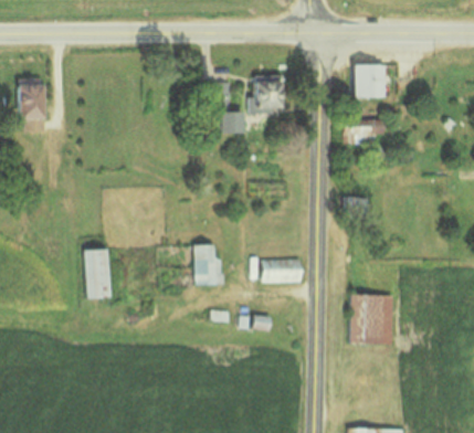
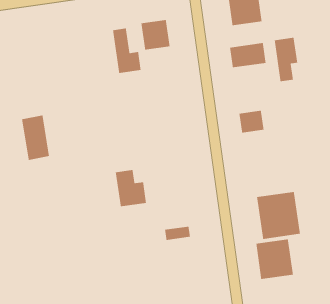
building: none -> [274,37,298,82]
building: [84,247,110,297] -> [21,115,50,161]
building: [262,260,302,282] -> none
building: none -> [255,239,294,280]

